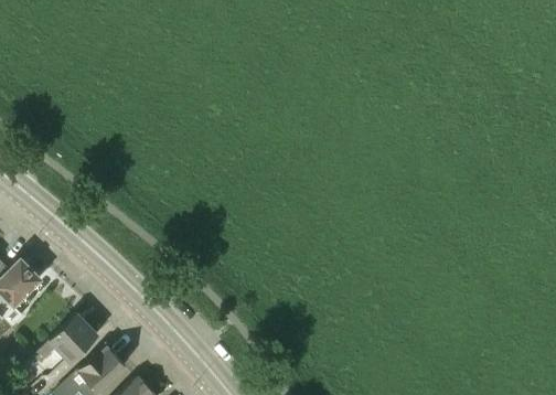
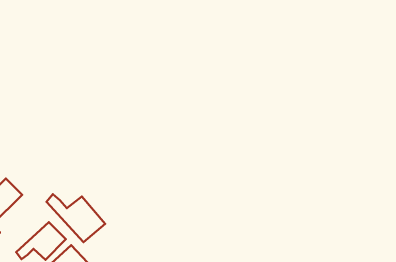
building: none -> [46,194,105,242]

